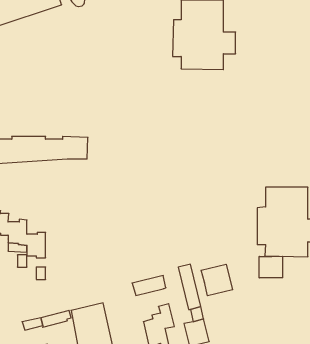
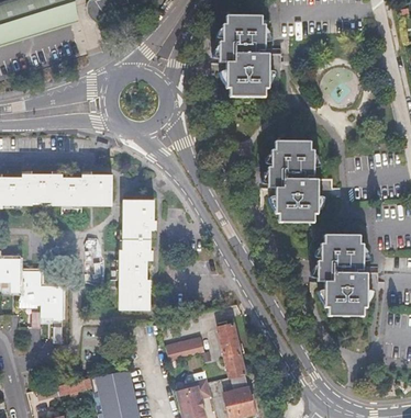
building: none -> [260,140,334,221]
building: none -> [121,202,154,312]
building: [259,256,283,278] -> none
building: [201,264,233,296] -> none

